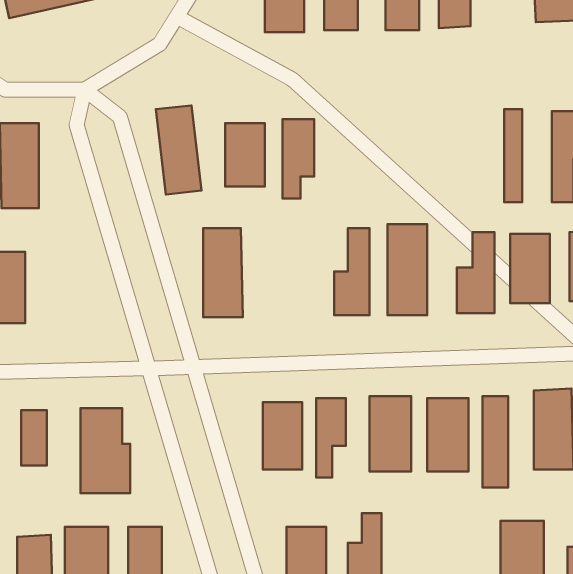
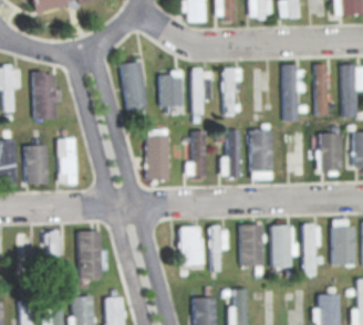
building: none -> [282,65,303,120]
building: none -> [222,69,238,115]
building: none -> [187,132,206,178]
building: none -> [58,138,75,184]

